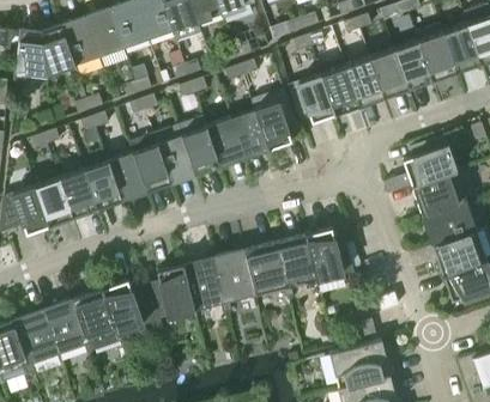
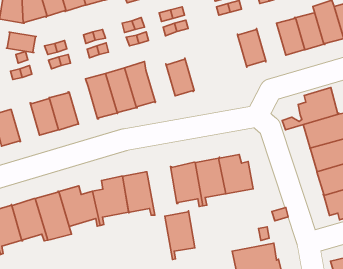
building: [344,57,383,106] -> none
building: [289,75,334,123] -> none
building: none -> [6,32,36,53]
building: [250,90,296,150] -> none
building: [205,117,244,168] -> none
building: [108,152,146,201] -> none
building: [35,177,73,227] -> none
building: [213,249,254,312] -> [165,211,195,260]

